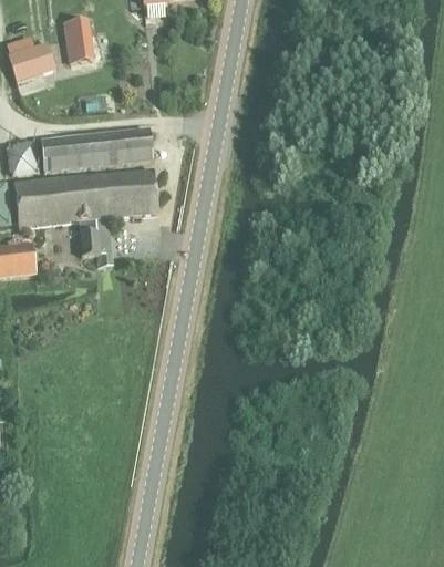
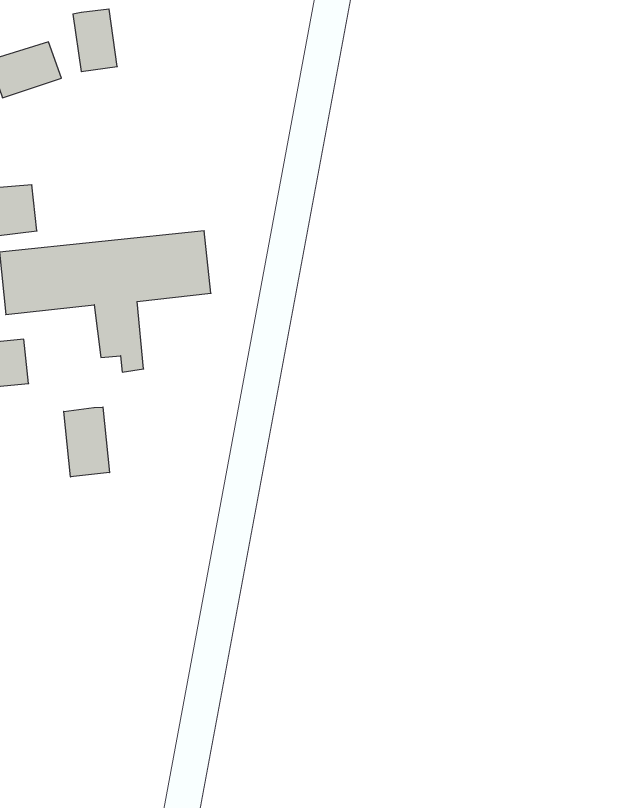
building: [40,126,153,171] -> none
building: none -> [64,407,110,477]

